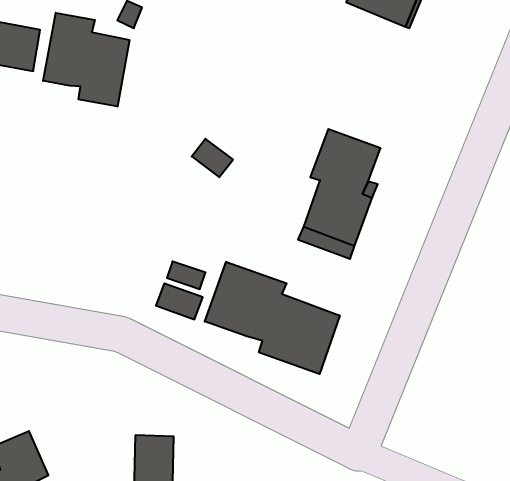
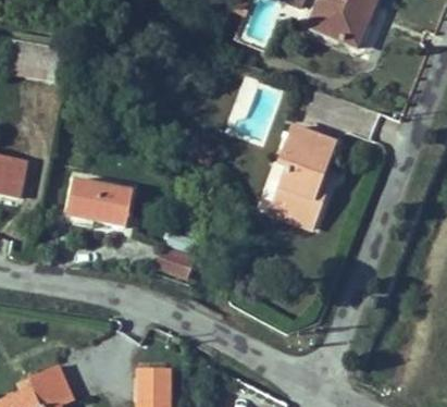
building: [43,13,129,107] -> none
building: none -> [65,177,133,226]
building: [205,262,340,374] -> none

